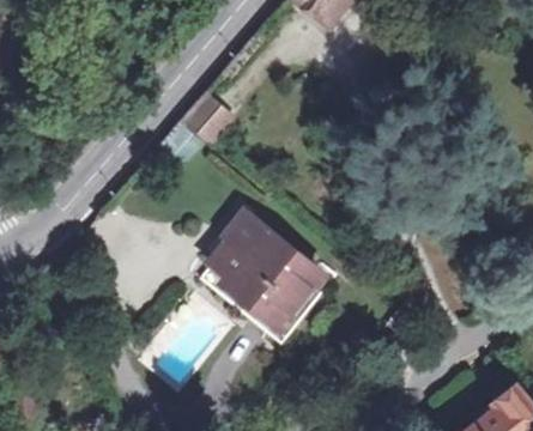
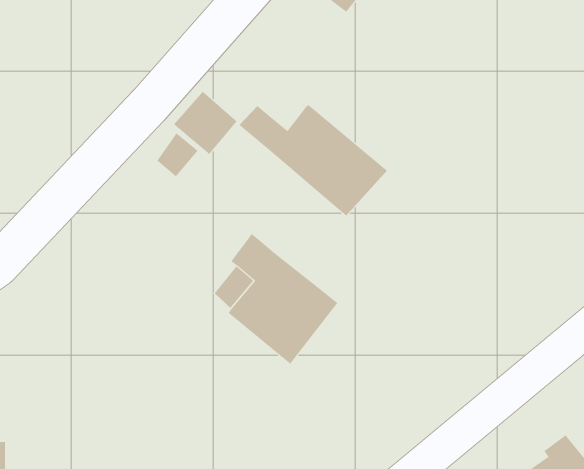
building: none -> [238,104,388,217]

